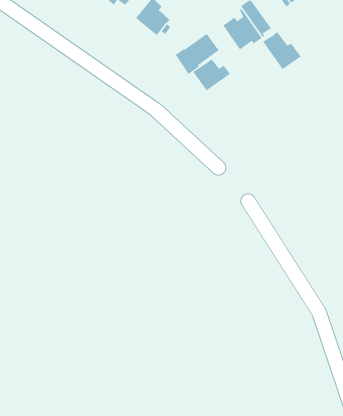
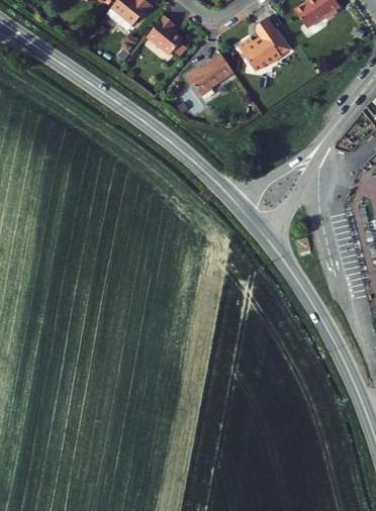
building: [263,31,301,70] -> none
building: [193,58,231,91] -> none

